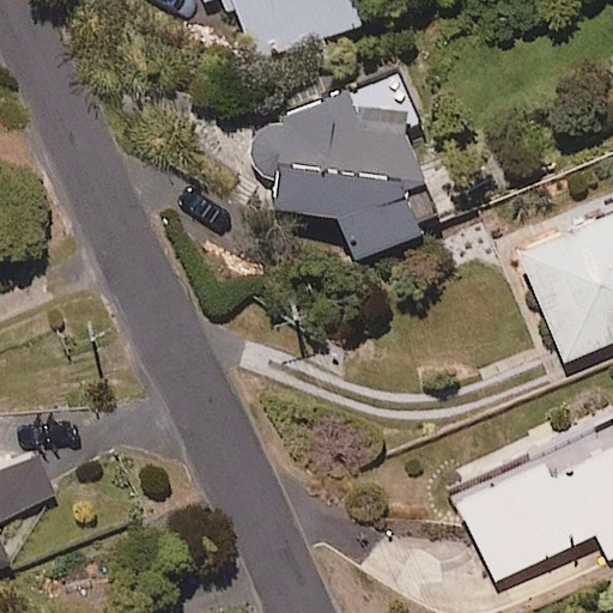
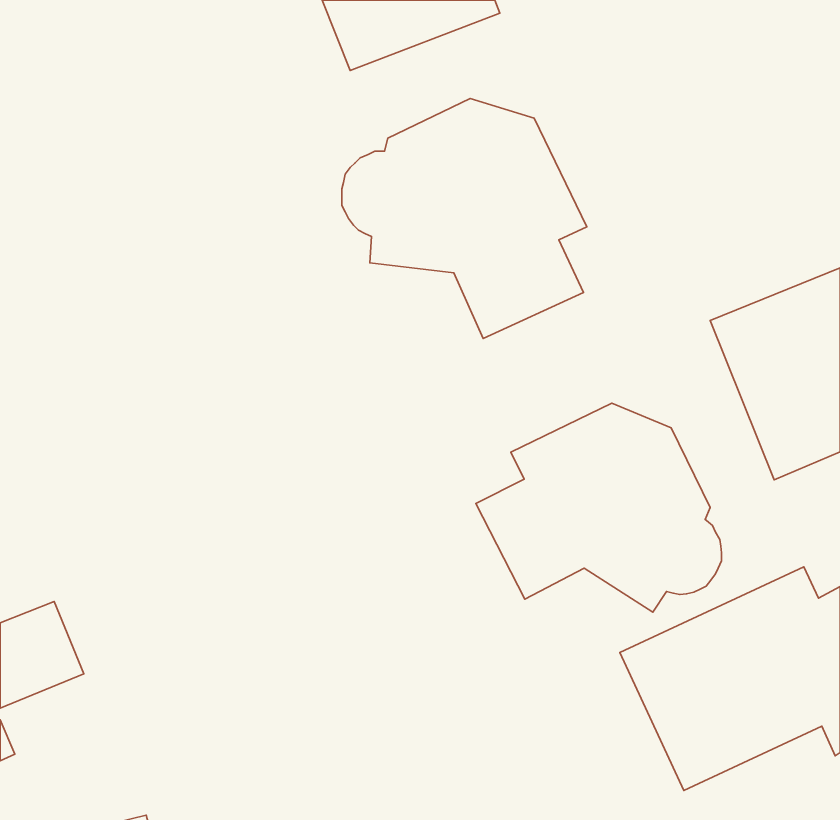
building: none -> [476,403,722,612]

